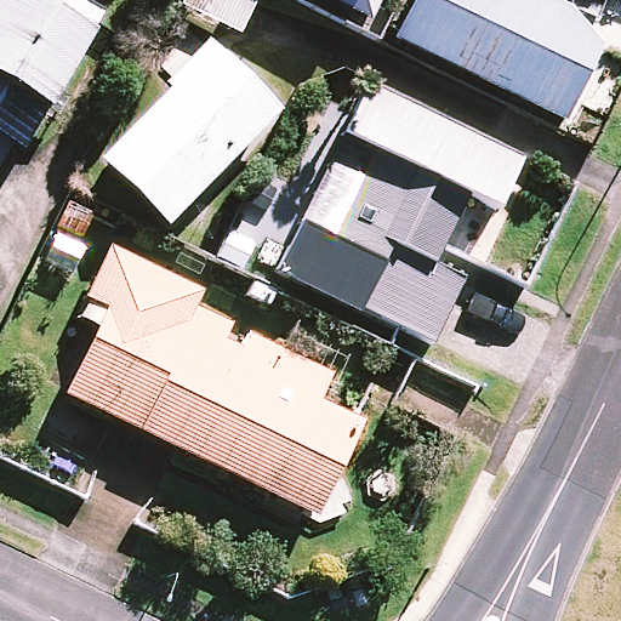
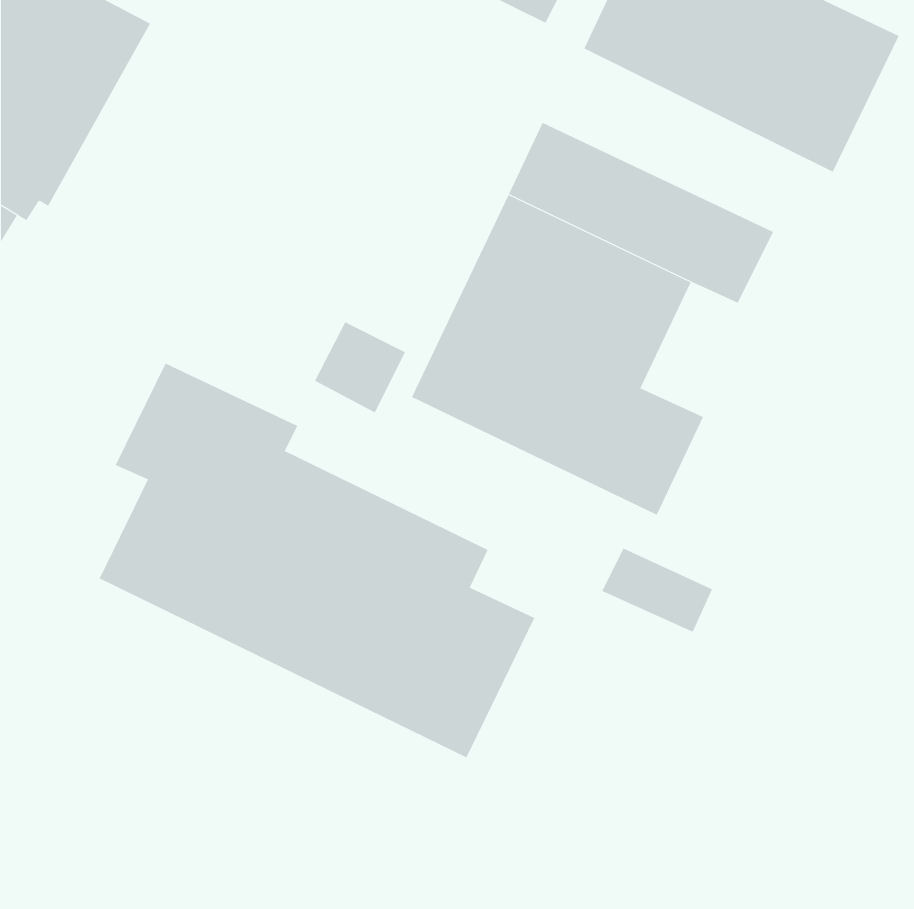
building: [104,41,283,221] -> none

